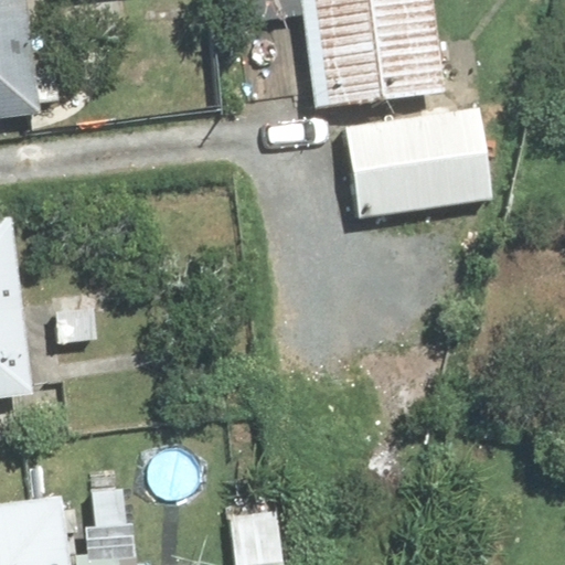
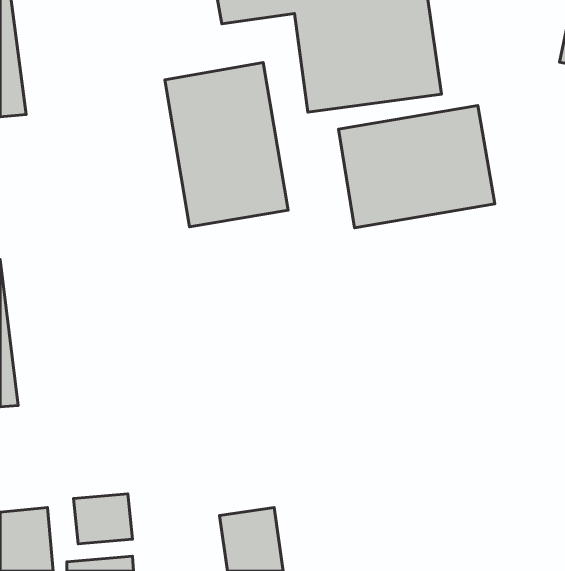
building: none -> [165,62,288,227]

